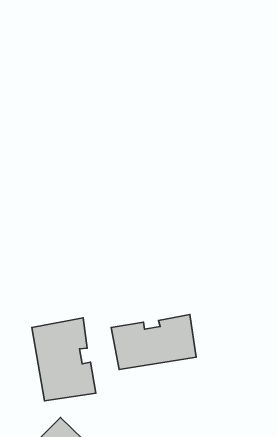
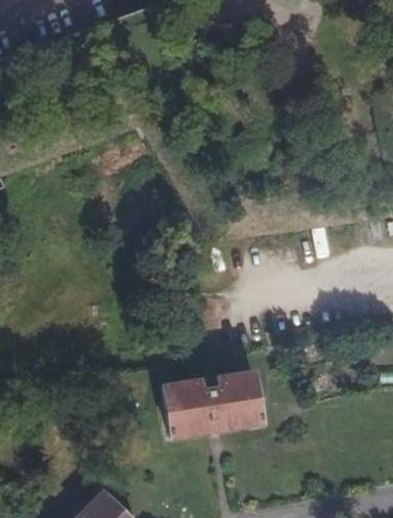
building: [32,318,96,401] -> none

